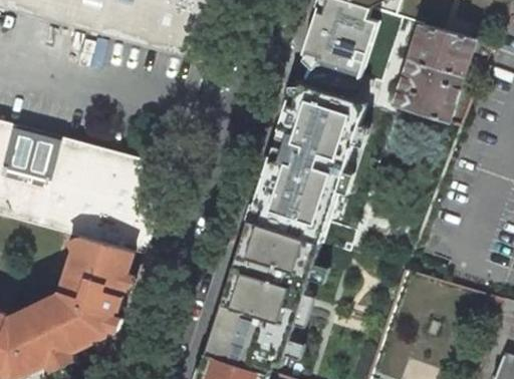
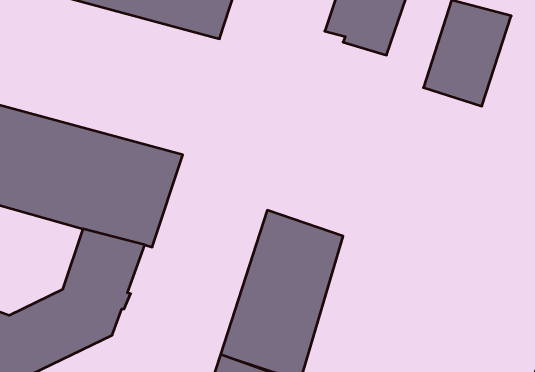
building: [248,82,363,243] -> none

